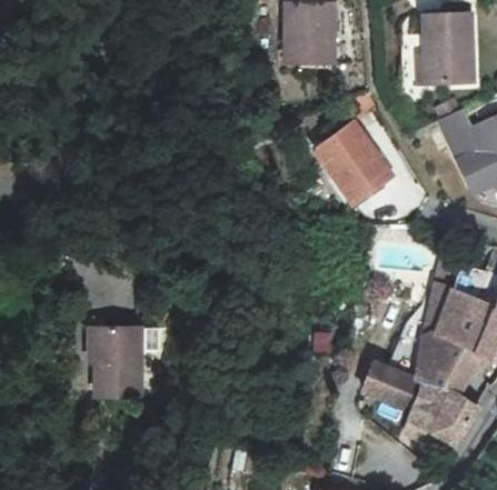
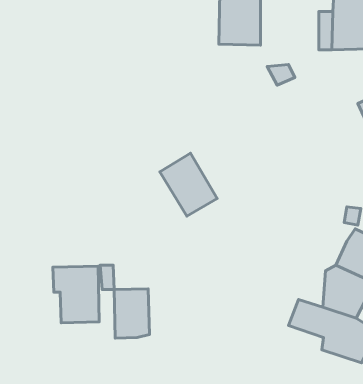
building: [317,121,386,197] -> [160,153,217,216]
building: none -> [114,289,149,338]

